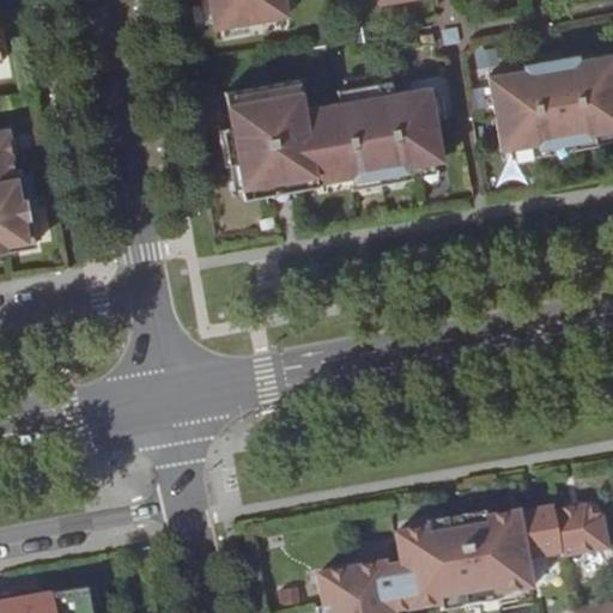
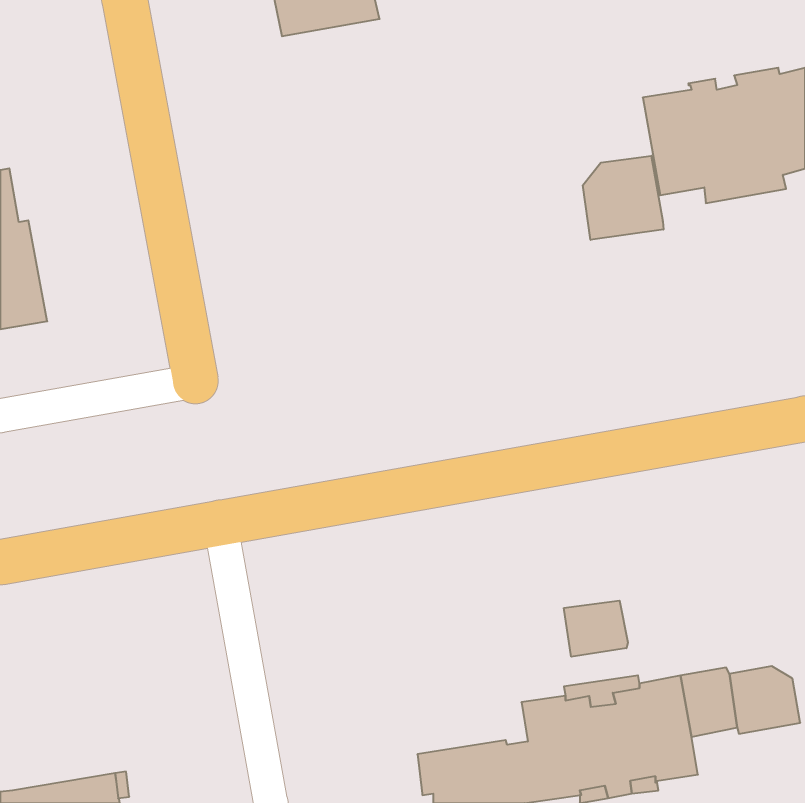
building: [225,78,443,196] -> none
building: none -> [583,156,663,240]
building: none -> [564,601,628,657]

